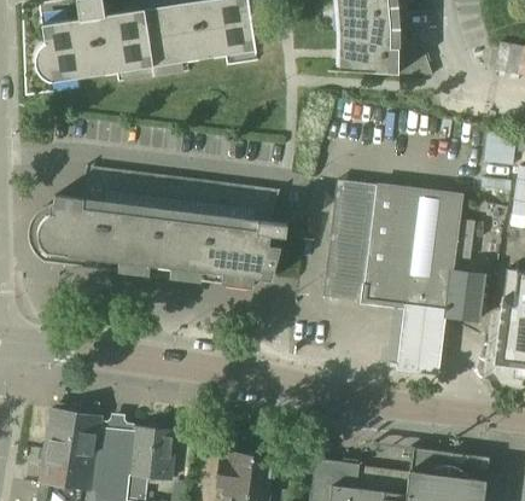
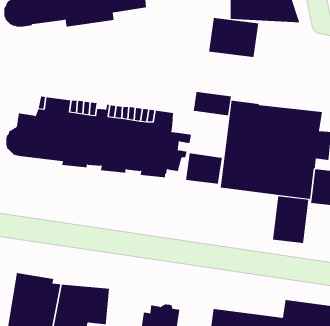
building: none -> [209,17,259,58]
building: none -> [193,91,231,116]
building: none -> [185,152,222,185]

